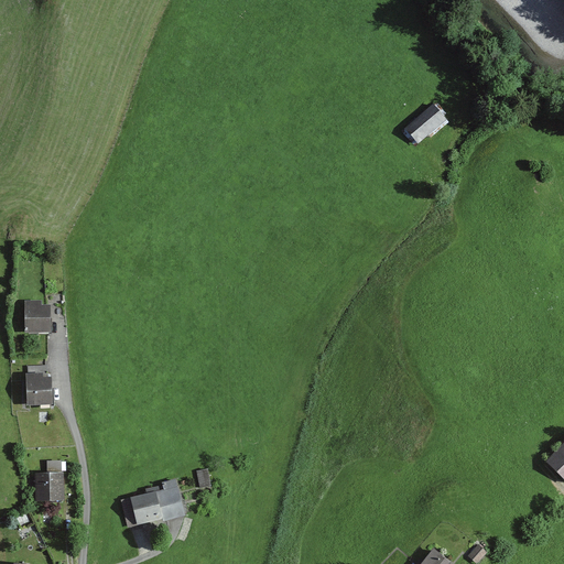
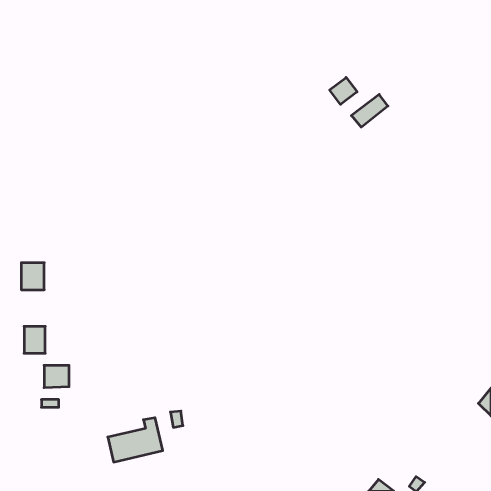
building: none -> [330,77,357,104]
building: [35,474,64,499] -> [44,365,69,388]

